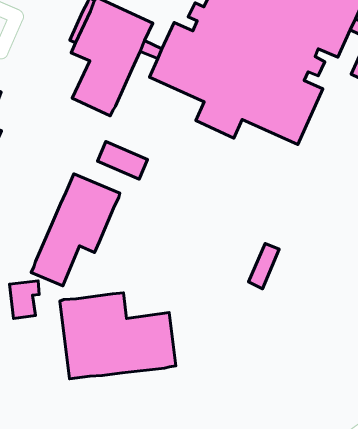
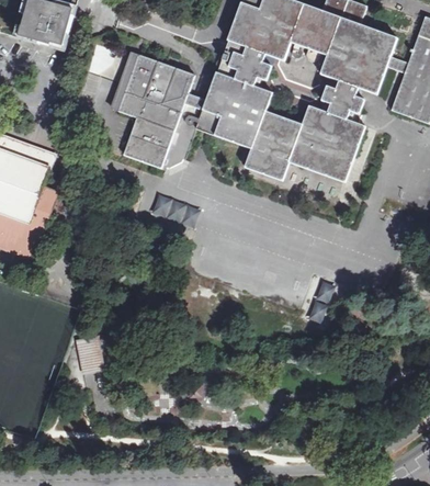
building: [31,174,120,286] -> none
building: [60,293,176,379] -> none

